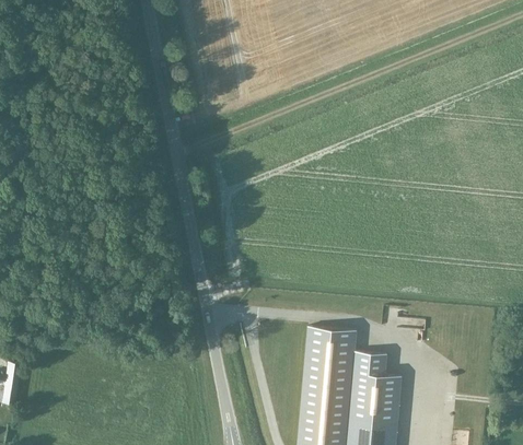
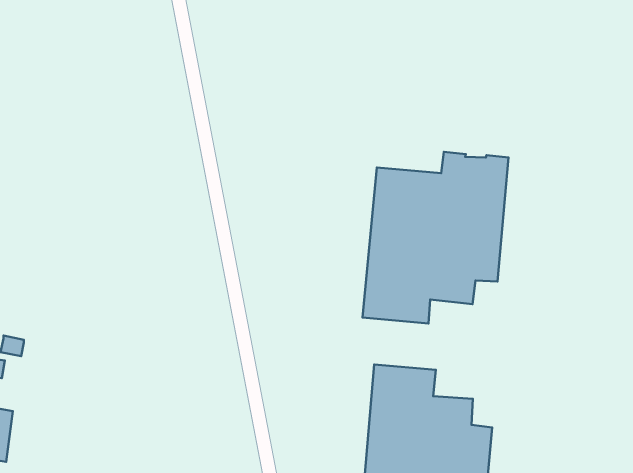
building: none -> [362,152,508,323]

